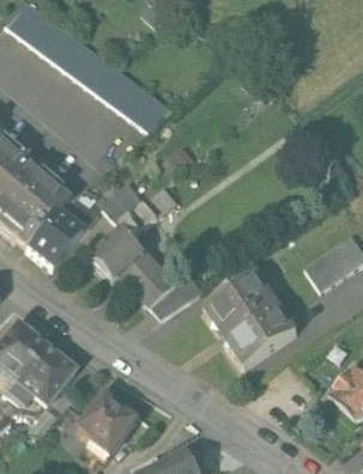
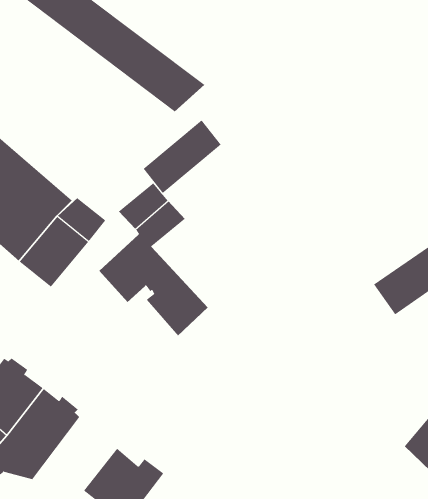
building: none -> [143,120,222,194]
building: [205,269,297,364] -> none
building: [152,273,204,317] -> none

